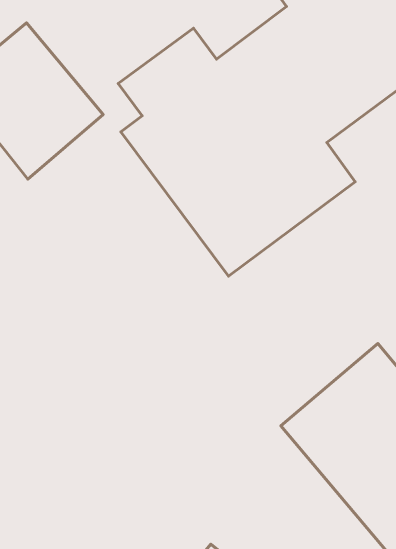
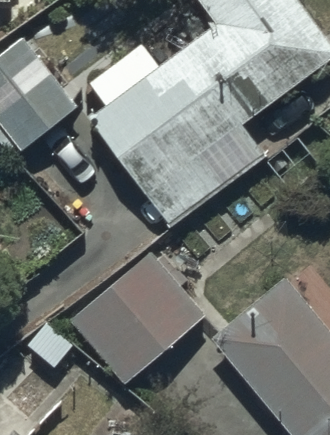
building: none -> [66,249,205,387]

